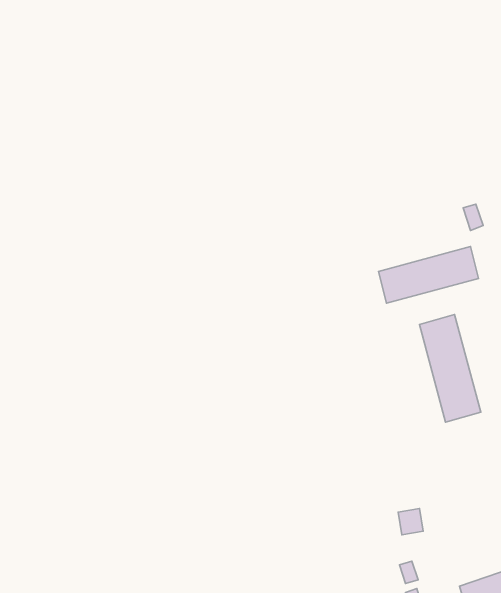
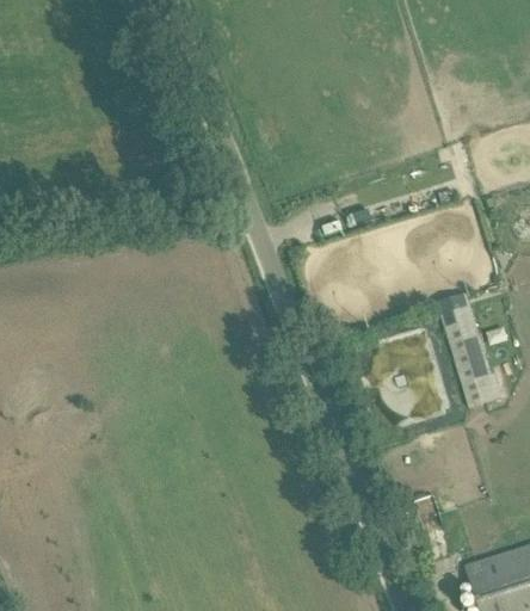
building: [379,247,478,303] -> none

